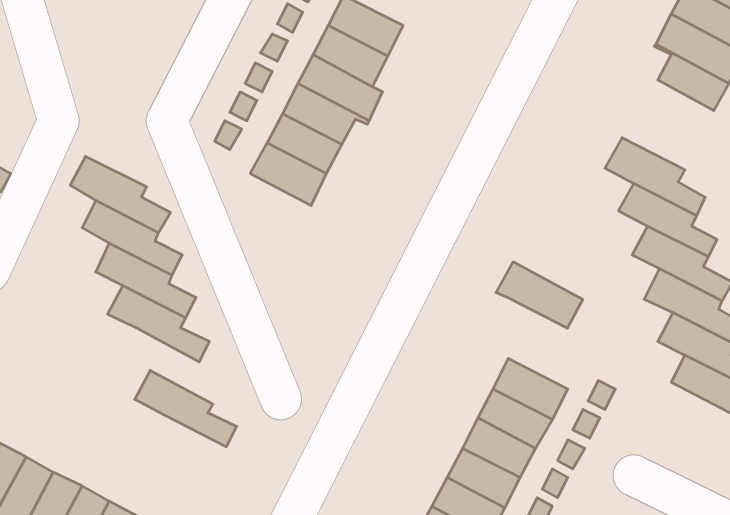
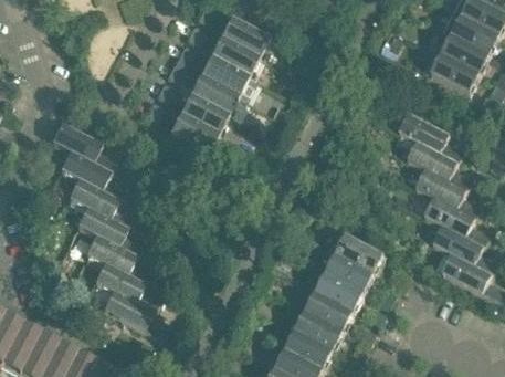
building: [496,262,583,328] -> [326,232,382,275]
building: none -> [82,235,148,285]
building: none -> [99,292,166,342]

